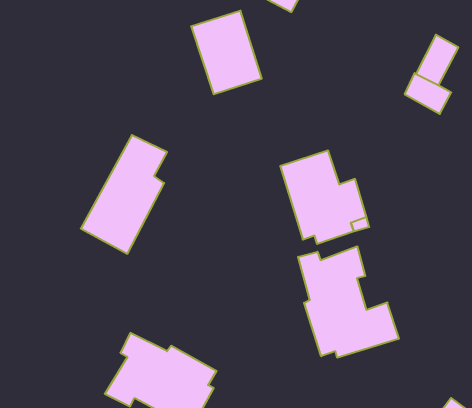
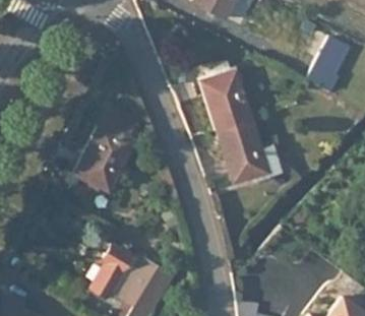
building: [191,11,262,94] -> [201,69,252,129]
building: [298,246,399,358] -> none

